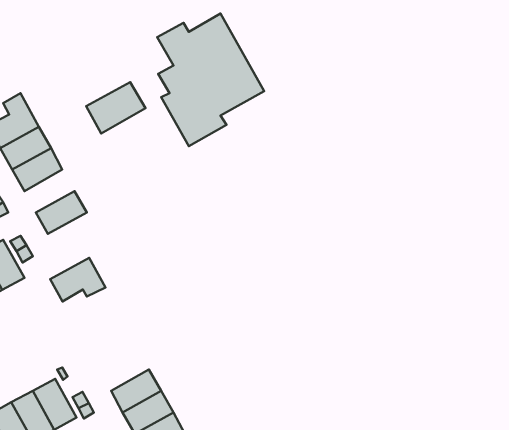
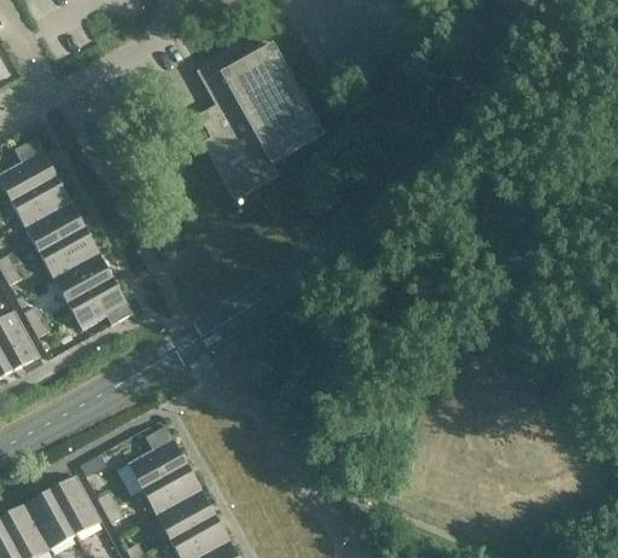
building: [86,82,146,133] -> none
building: none -> [40,227,99,278]
building: [50,258,105,302] -> [68,278,133,330]
building: none -> [127,425,187,489]

